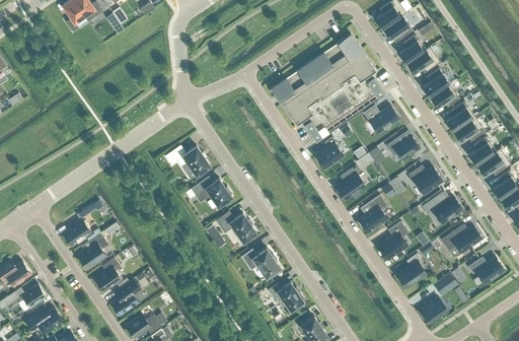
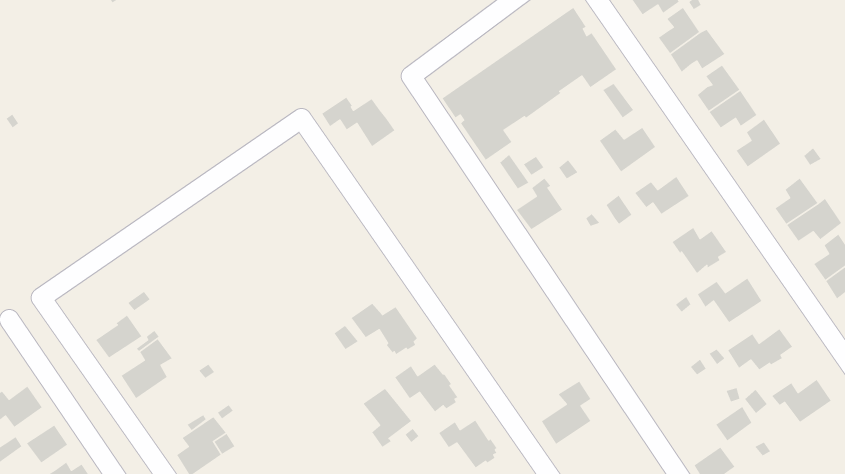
building: [453,116,485,141] -> none
building: [165,145,210,176] -> [321,97,396,147]
building: [336,164,365,200] -> none
building: [184,178,231,206] -> none
building: [358,195,386,231] -> none
building: [377,221,407,260] -> [541,381,591,445]
building: [396,253,426,288] -> none
building: [93,257,122,292] -> none
building: none -> [363,388,412,448]

